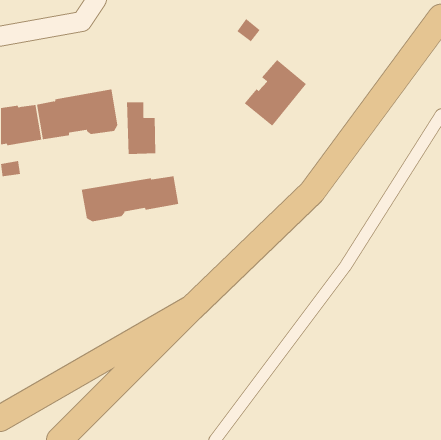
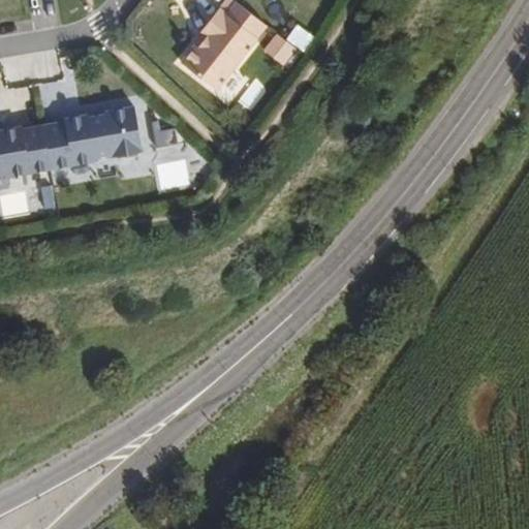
building: [244,59,307,127] -> [184,10,259,91]
building: [81,175,179,222] -> none

